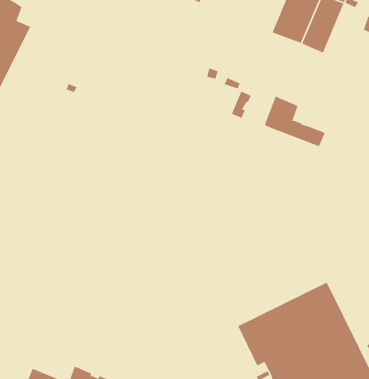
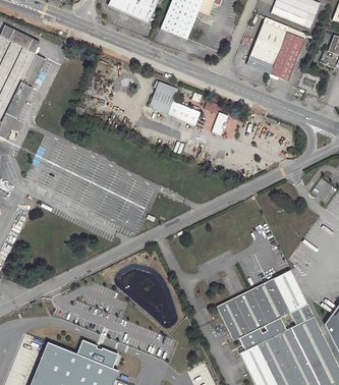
building: [264,96,326,147] -> [150,81,201,124]

